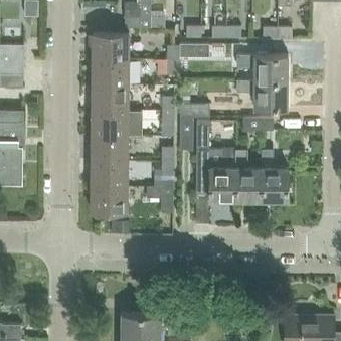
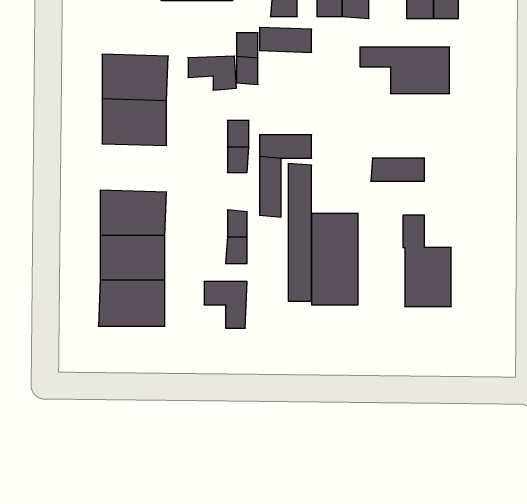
building: [92,33,129,60] -> none
building: [236,81,287,108] -> none
building: [91,110,128,137] -> none
building: [235,150,262,201] -> none

